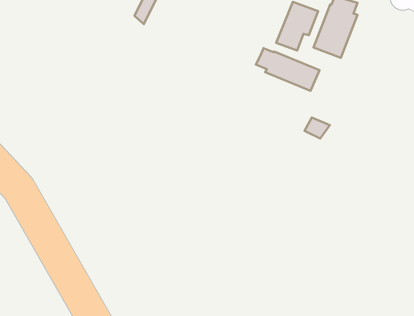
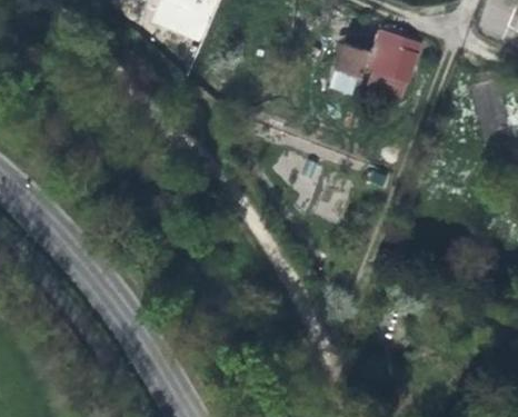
building: [256,48,319,91] -> none

